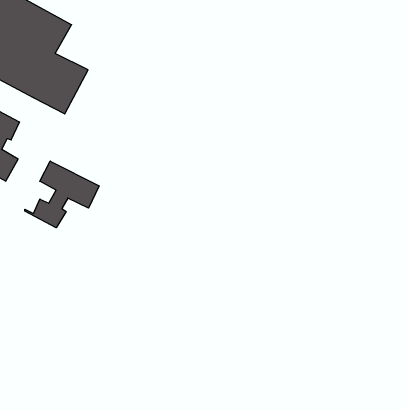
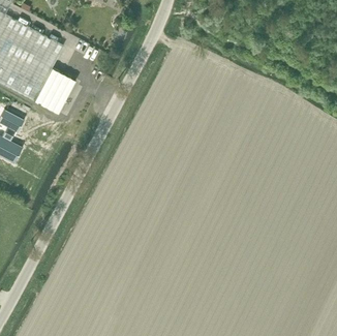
building: [25,161,99,228] -> none

